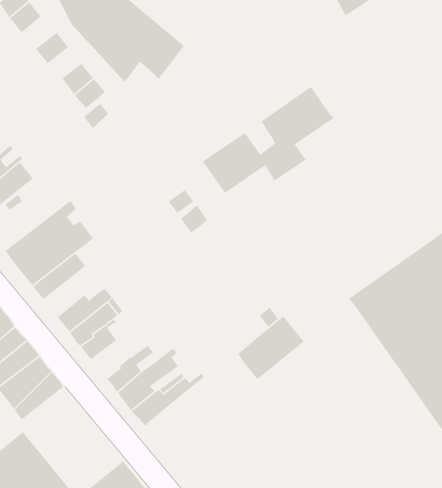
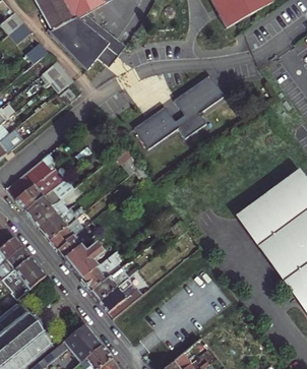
building: none -> [32,193,65,227]
building: [237,315,305,380] -> [99,273,143,316]
building: none -> [63,239,101,267]

